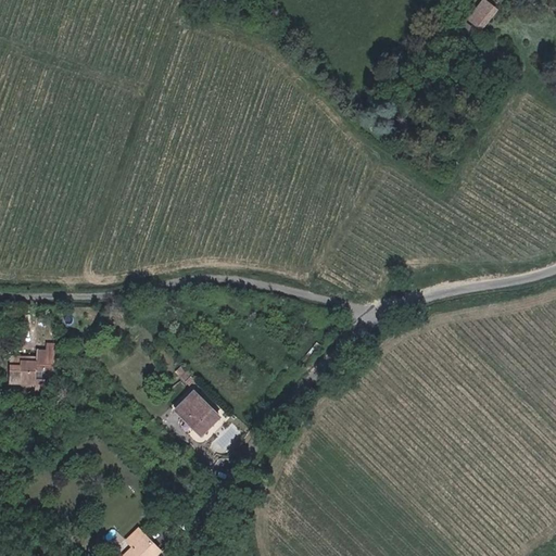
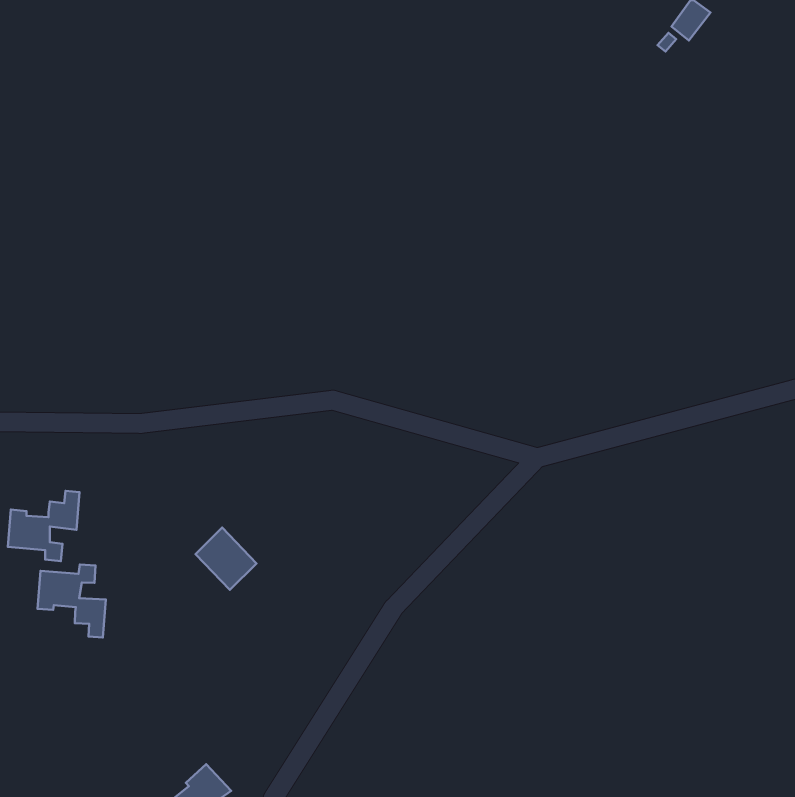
building: [177,392,219,435] -> [196,527,256,590]
building: none -> [37,565,106,637]

